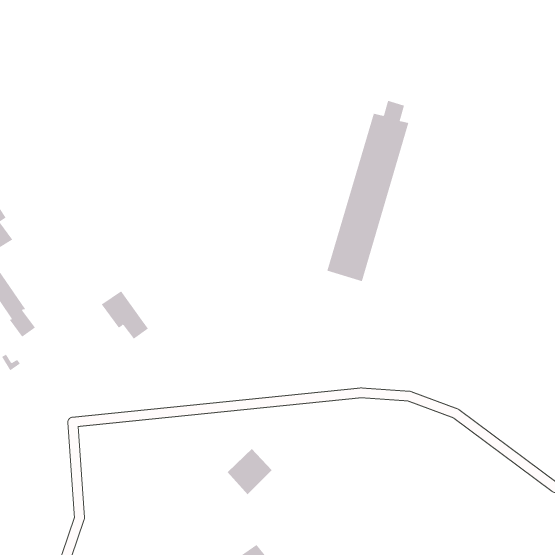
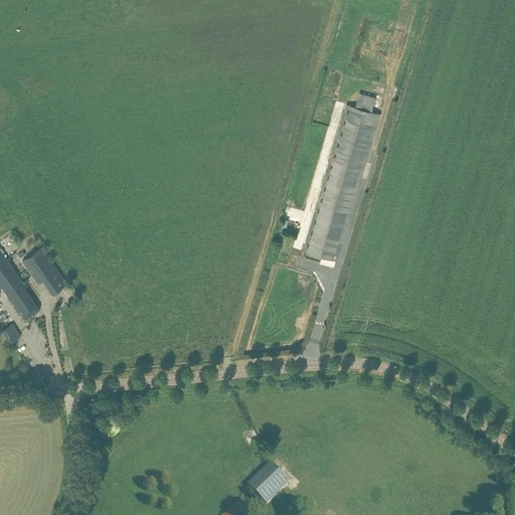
building: [101,291,149,339] -> [21,248,65,294]
building: [227,448,272,495] -> [246,464,289,507]

